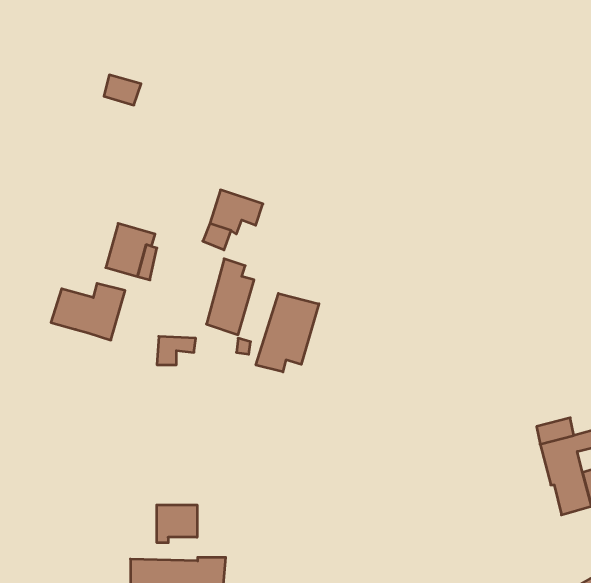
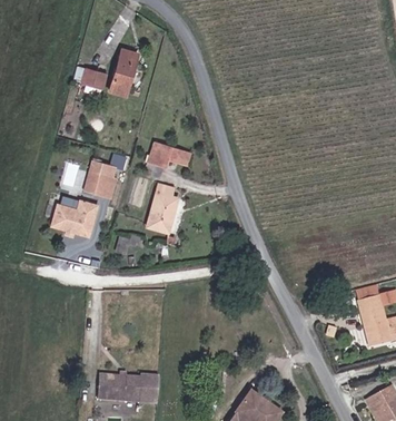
building: none -> [110,48,138,96]
building: [256,293,319,372] -> none
building: [157,505,197,543] -> none

